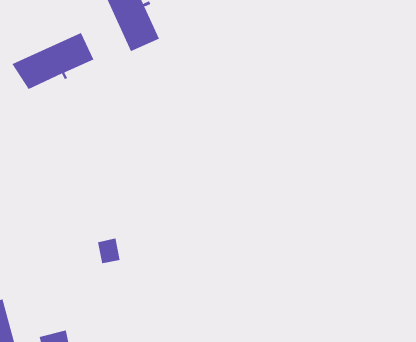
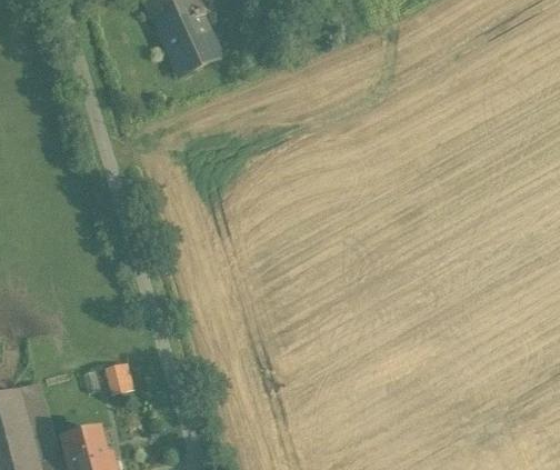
building: [12,32,94,90] -> none
building: [97,238,121,264] -> [103,357,133,390]

